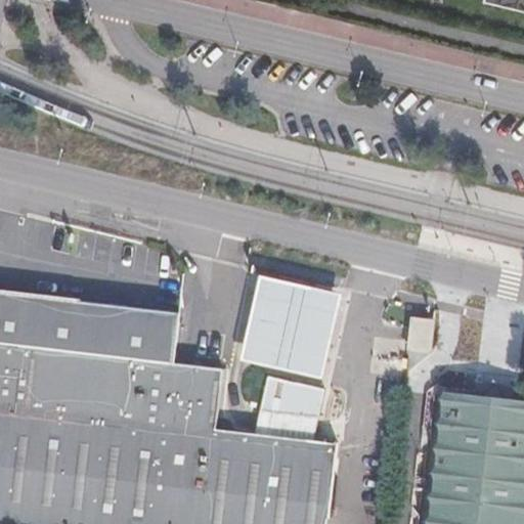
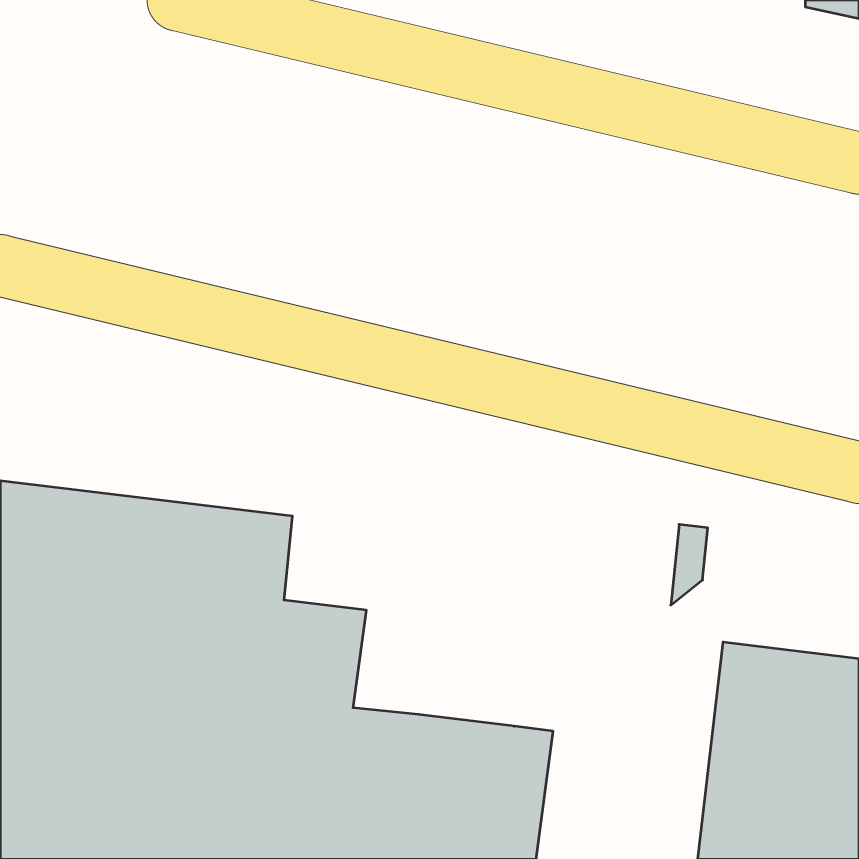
building: [239,279,343,382] -> none
building: [255,379,324,442] -> none

